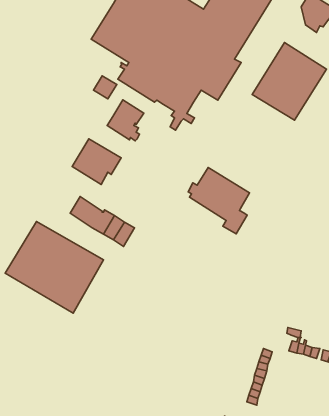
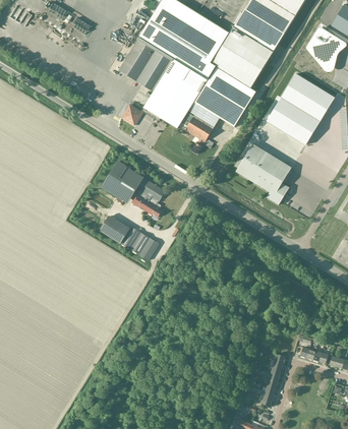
building: [107,100,144,141] -> [132,179,166,217]
building: [188,167,249,234] -> [235,143,291,204]
building: [5,221,104,313] -> none

